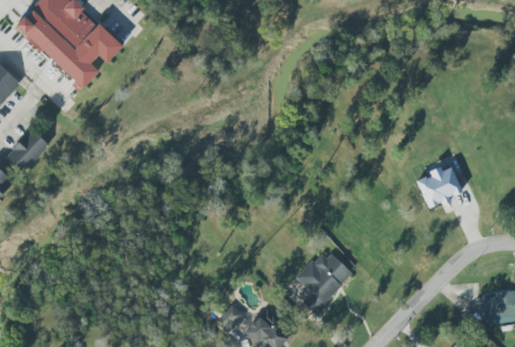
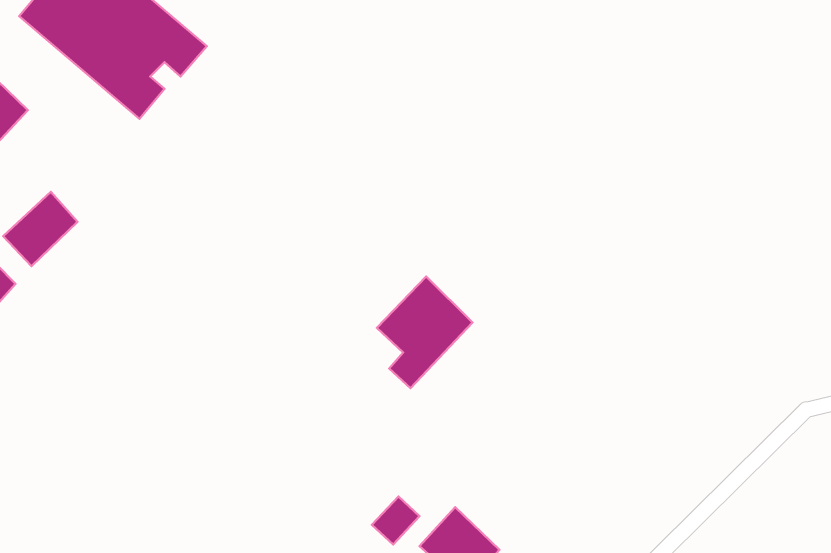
building: [415,165,463,208] -> none
building: [297,248,351,311] -> [377,276,472,388]

